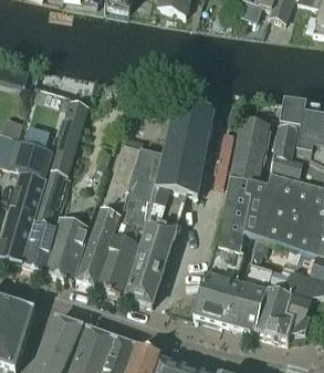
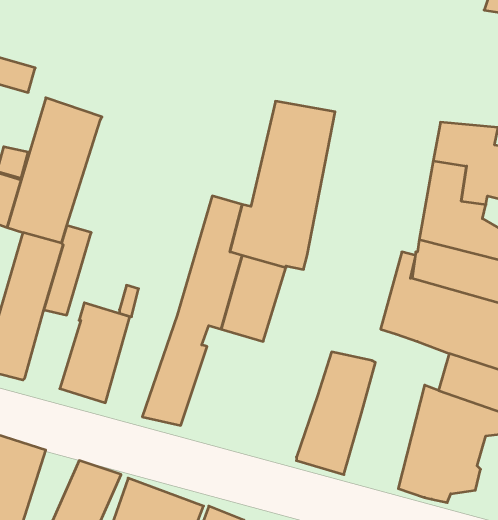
building: [48,99,86,172] -> none
building: [215,113,270,250] -> none
building: [76,141,139,284] -> none
building: [21,218,56,268] -> none
building: [125,230,171,301] -> none
building: [222,234,273,331] -> none

